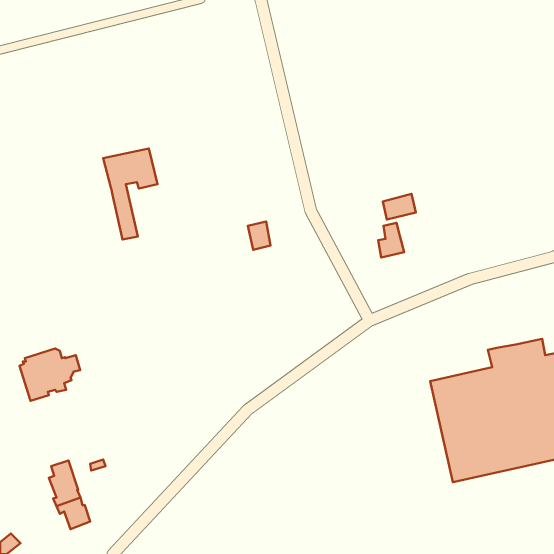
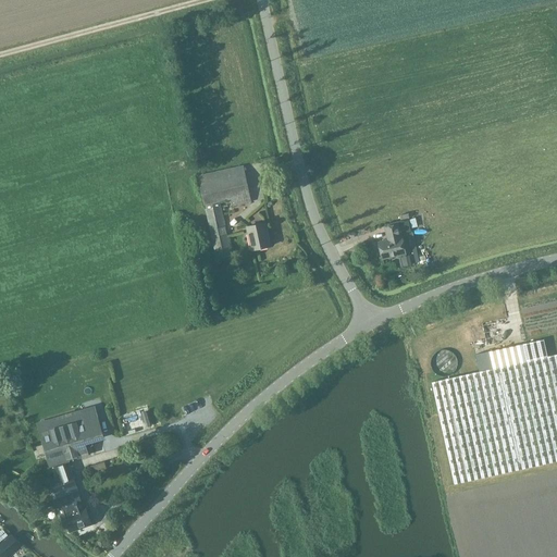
building: [103,148,157,240] -> [198,165,252,257]
building: [383,194,416,219] -> none
building: [19,349,80,401] -> [41,412,102,465]

